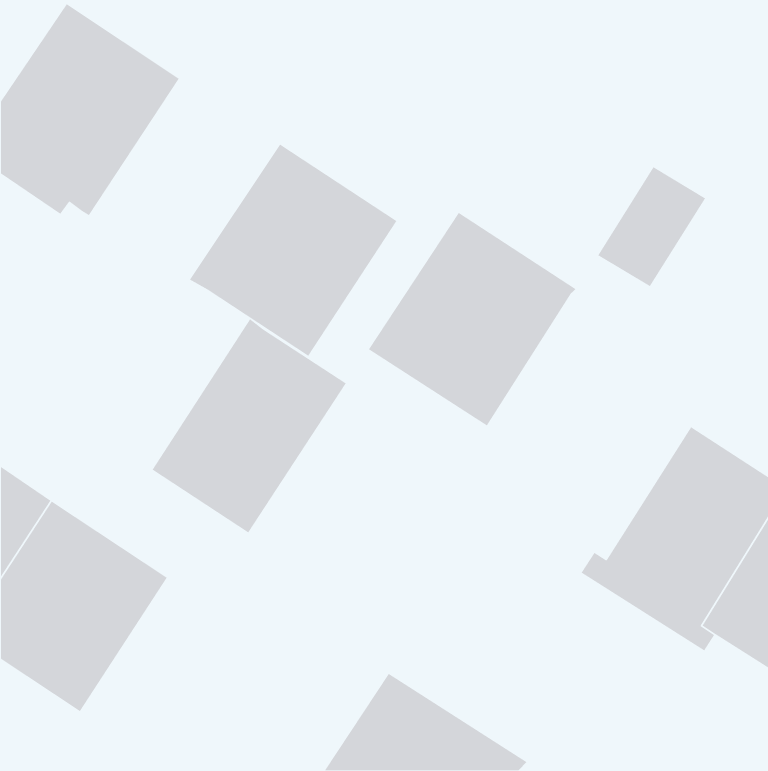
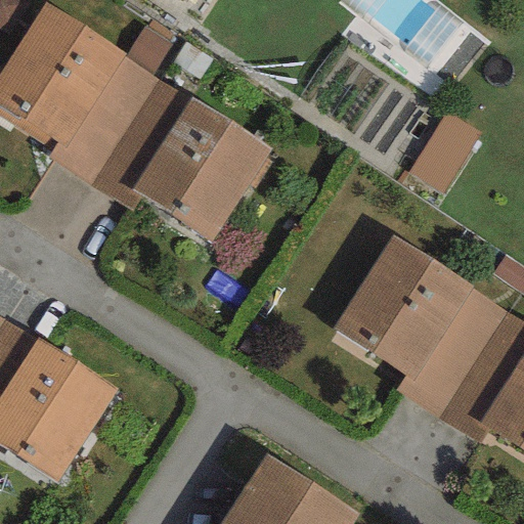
building: none -> [50,53,192,211]
building: [368,212,576,427] -> [333,233,474,379]
building: [152,318,347,533] -> none

